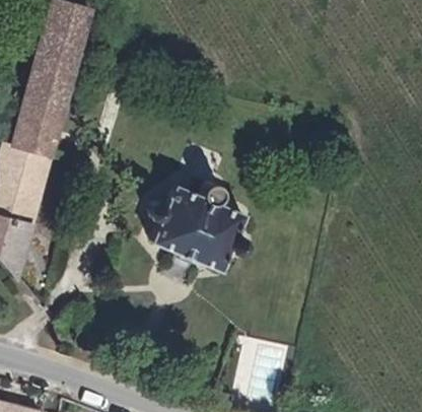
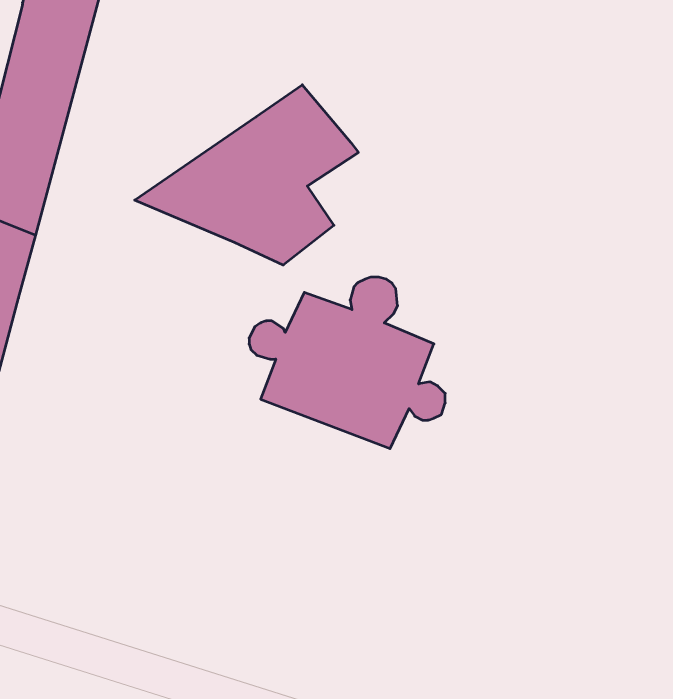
building: none -> [135,85,358,265]

